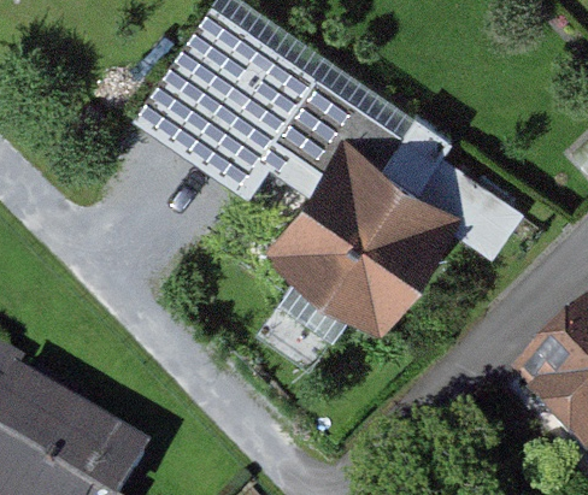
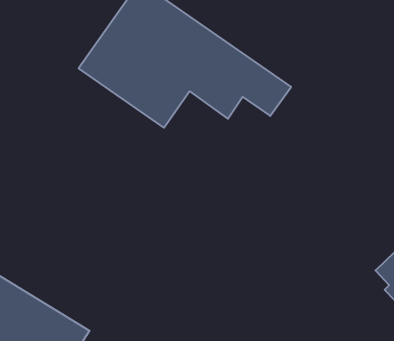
building: [283,148,452,317] -> none

